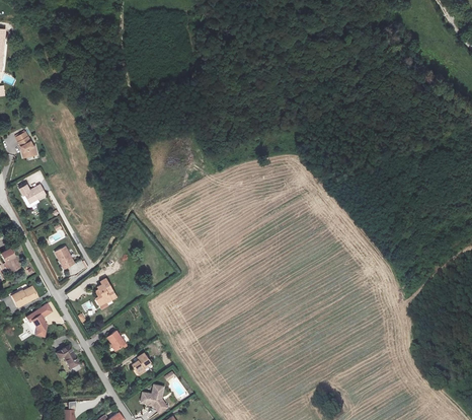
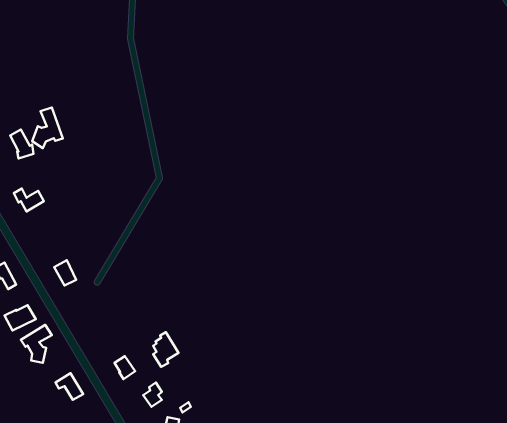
building: none -> [32,108,63,148]
building: [95,278,117,308] -> [153,332,179,367]

